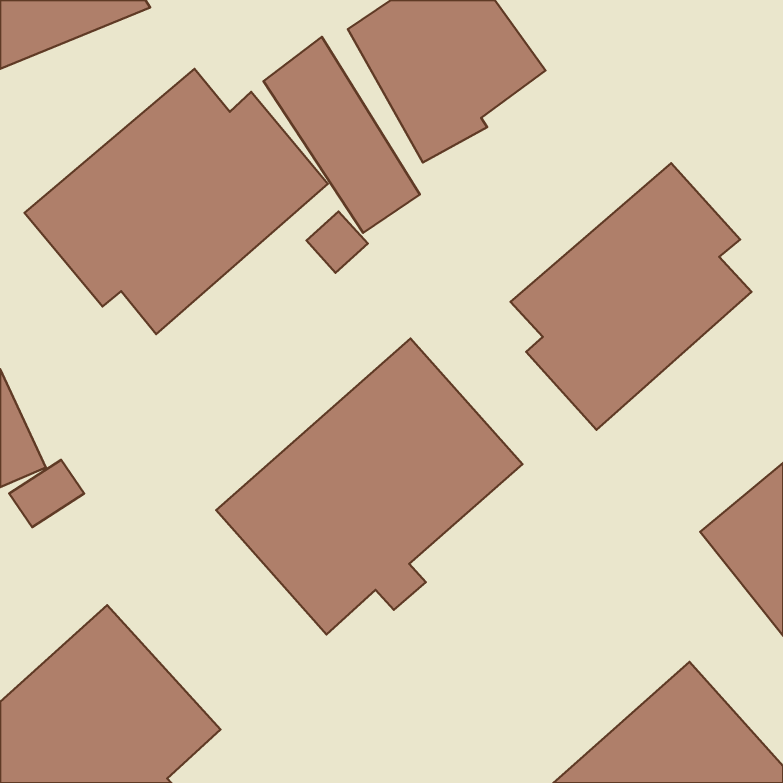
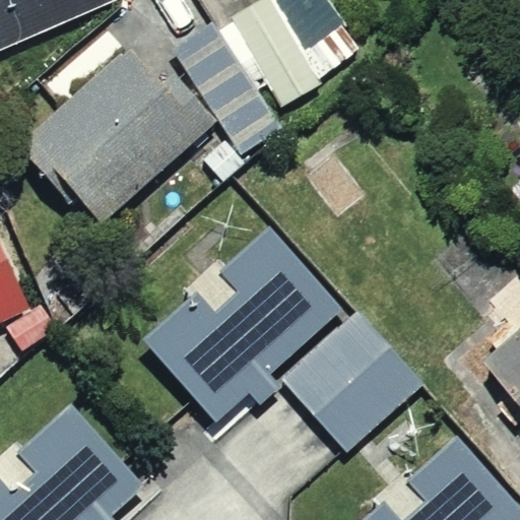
building: [510,163,752,430] -> none
building: none -> [280,312,422,452]

